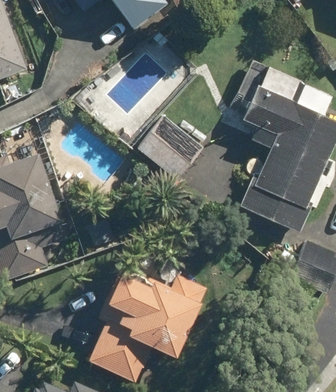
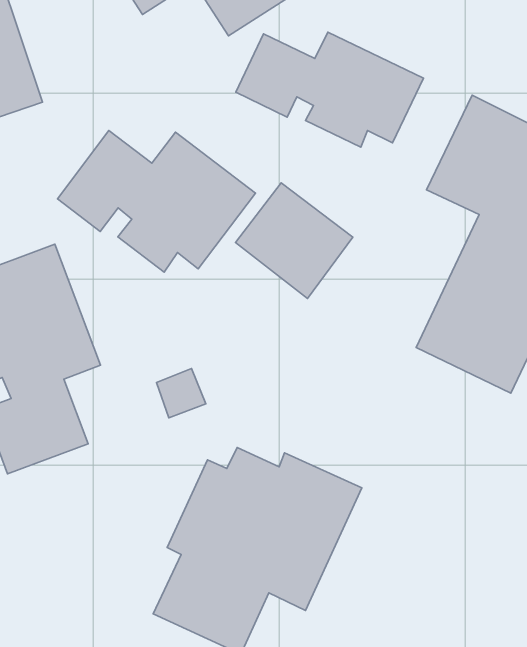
building: none -> [236,32,423,147]
building: none -> [58,131,255,272]

